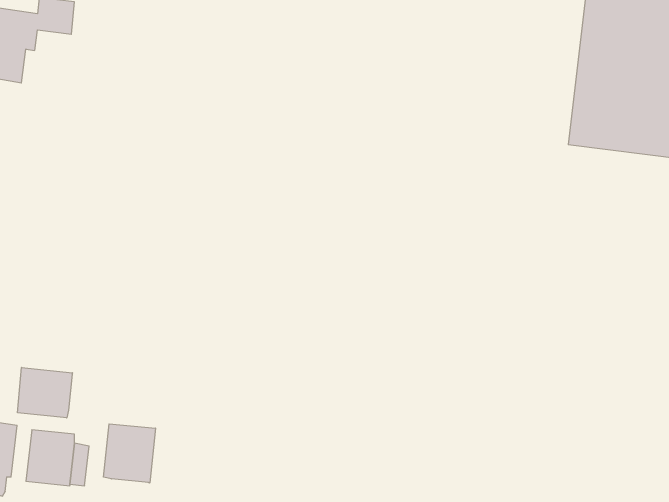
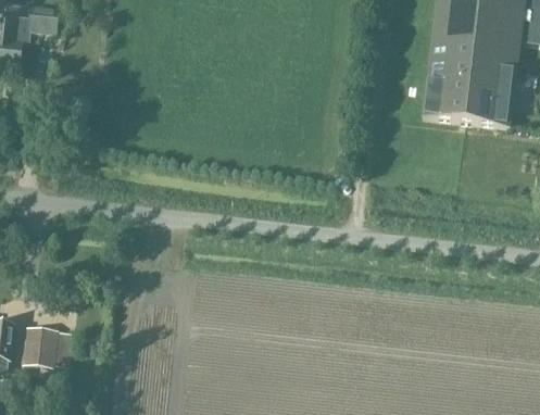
building: [18,367,72,418] -> none
building: [104,424,155,483] -> none

